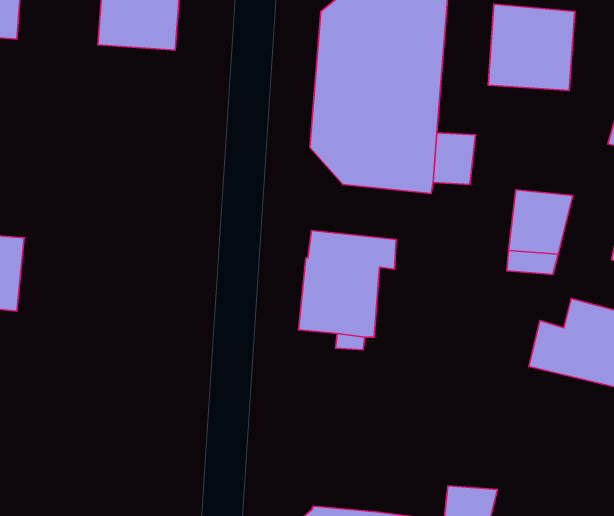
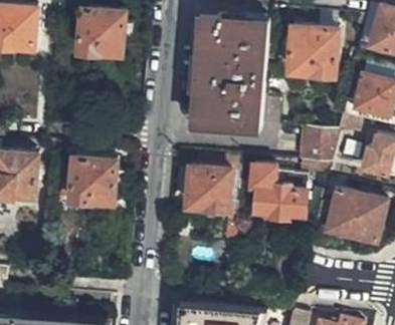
building: none -> [68,160,112,203]
building: none -> [250,168,305,218]

